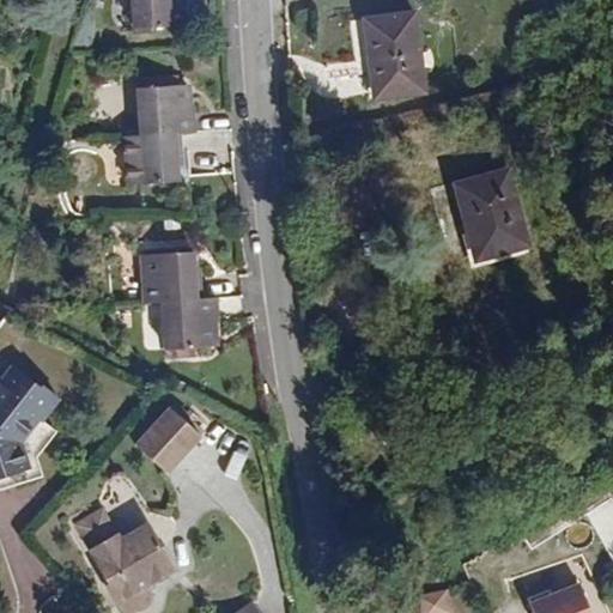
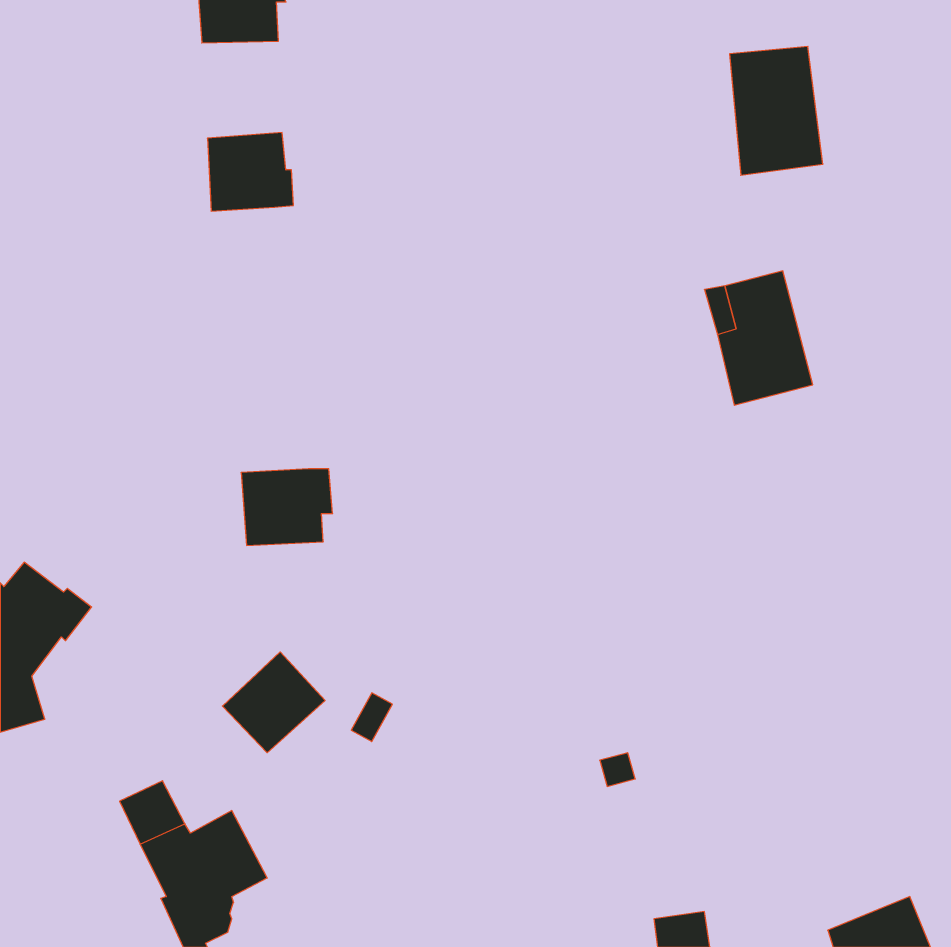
building: [363,17,423,99] -> [730,46,823,175]
building: [122,133,180,186] -> none
building: [139,251,200,304] -> none

